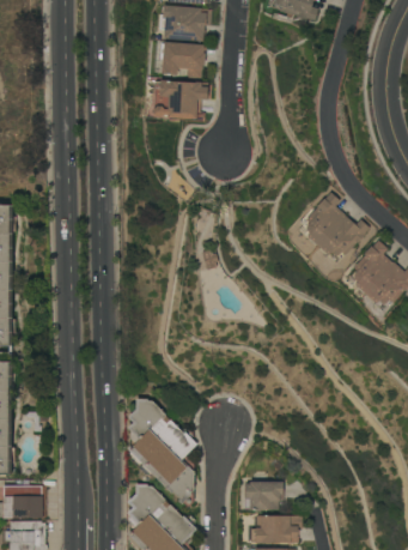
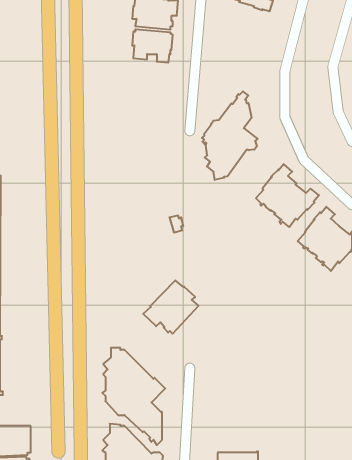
building: [156,79,207,114] -> none
building: none -> [202,91,258,180]
building: none -> [143,280,198,334]
building: [243,481,281,510] -> none

